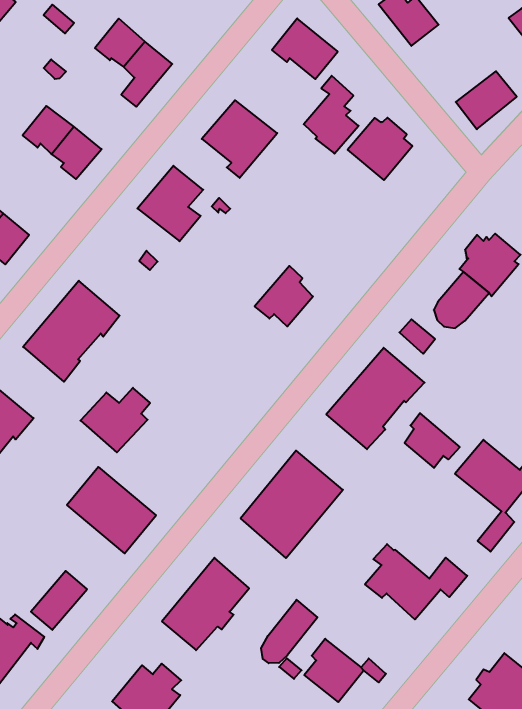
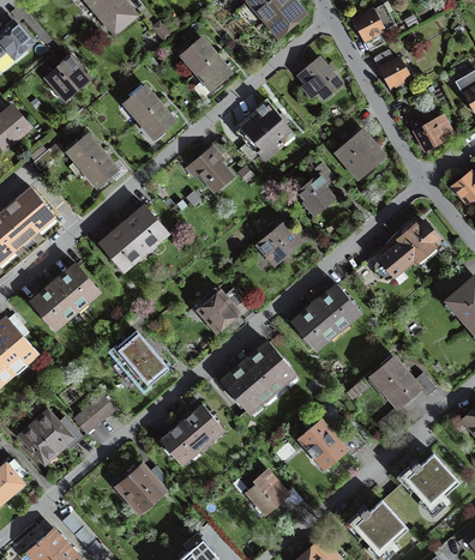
building: [304,76,359,154] -> [297,162,333,213]
building: [80,388,150,452] -> [194,288,242,329]
building: [405,413,460,468] -> none
building: [261,600,317,663] -> none

